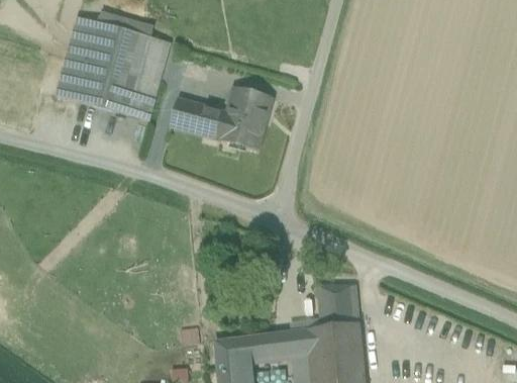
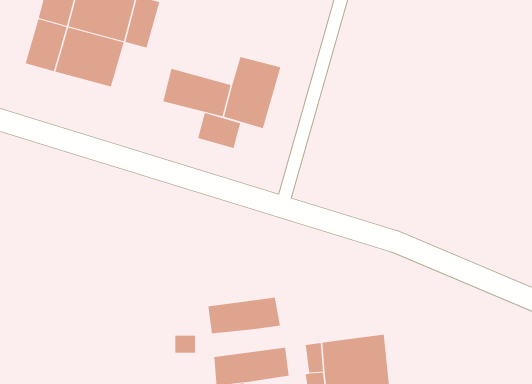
building: [128,76,159,119] -> none
building: none -> [198,112,241,149]
building: [316,285,360,329] -> none
building: none -> [208,297,281,334]

